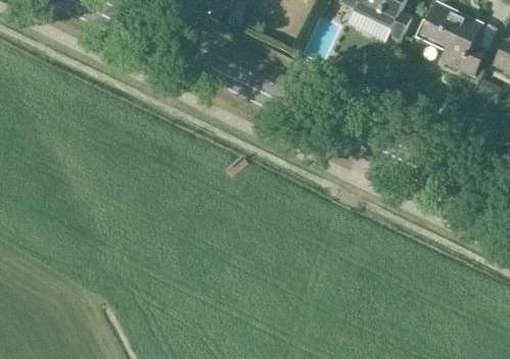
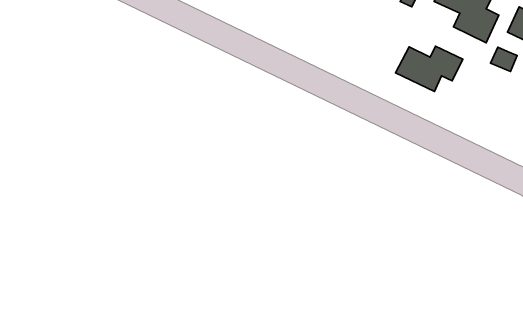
building: none -> [396,46,463,91]

